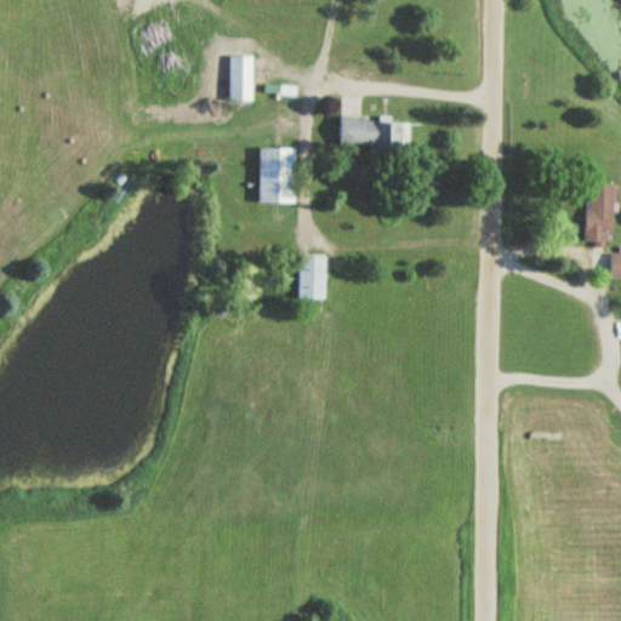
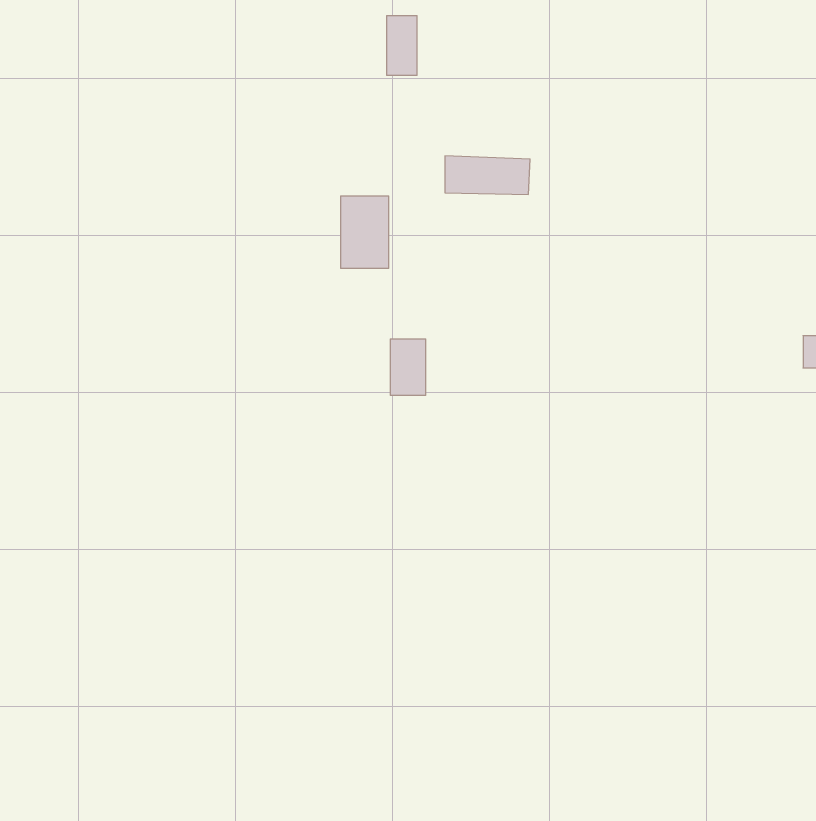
building: [230,56,253,101] -> [387,16,417,75]
building: [587,183,614,243] -> none

